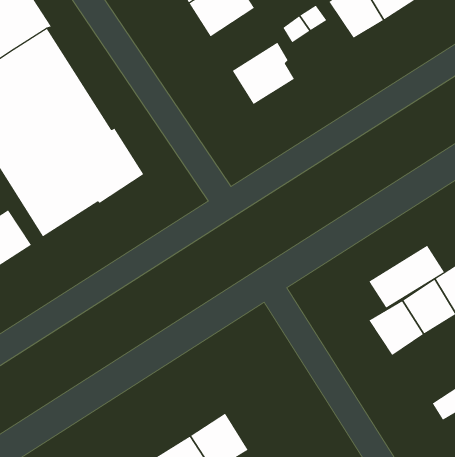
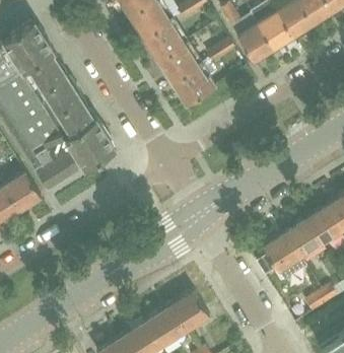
building: none -> [158,41,203,82]
building: [369,245,445,309] -> none
building: none -> [168,291,209,332]

